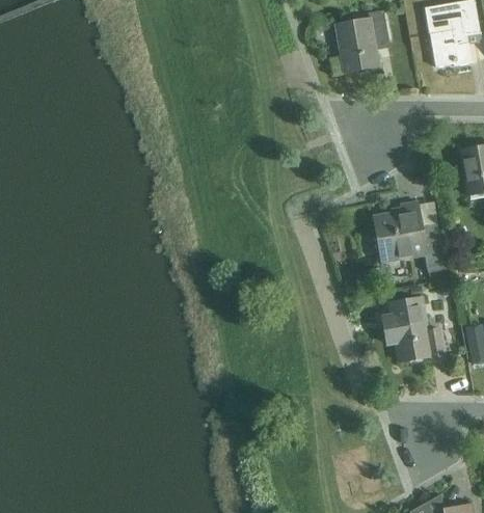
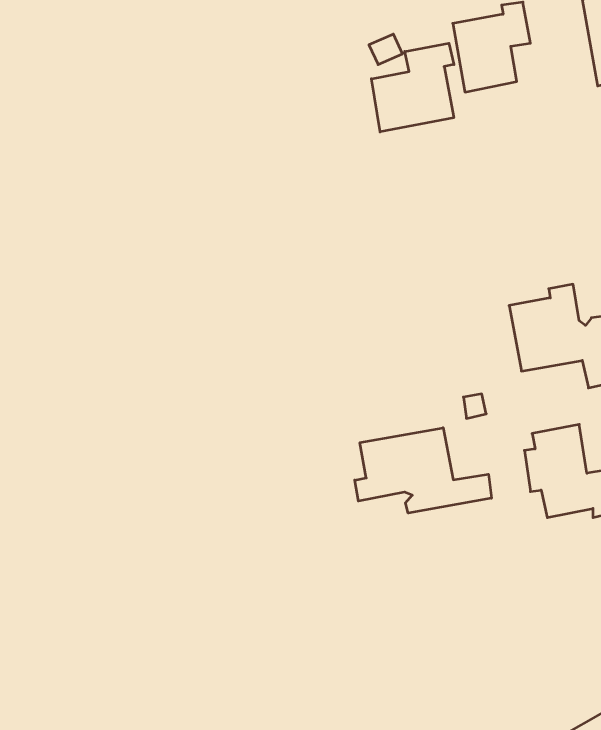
building: none -> [371,43,454,132]
building: none -> [355,428,491,513]

